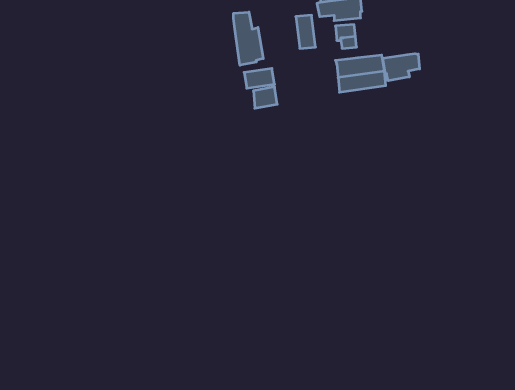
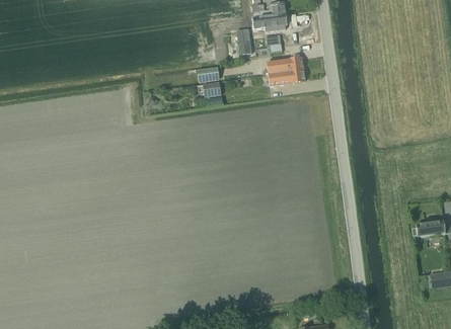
building: [233,12,263,65] -> none
building: [383,54,420,81] -> none

